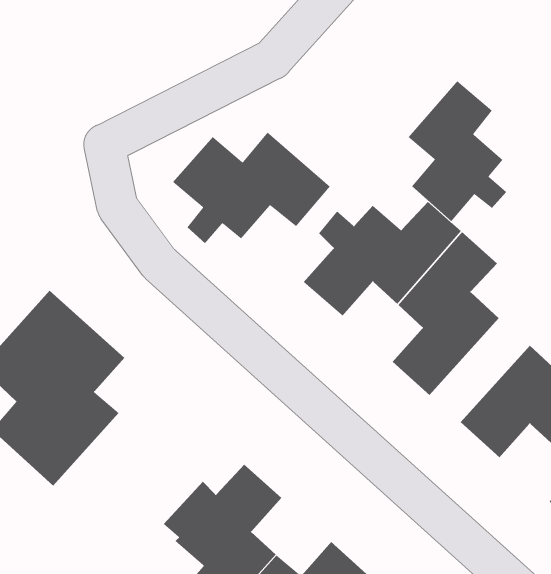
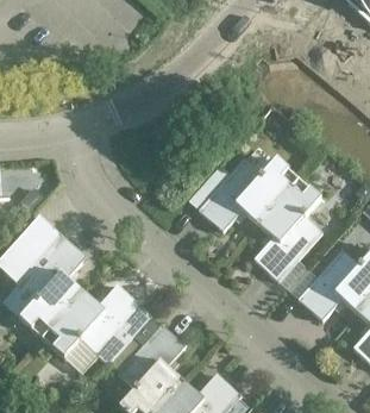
building: [407,80,507,222] -> none
building: [172,132,331,244] -> none
building: none -> [42,283,152,373]

